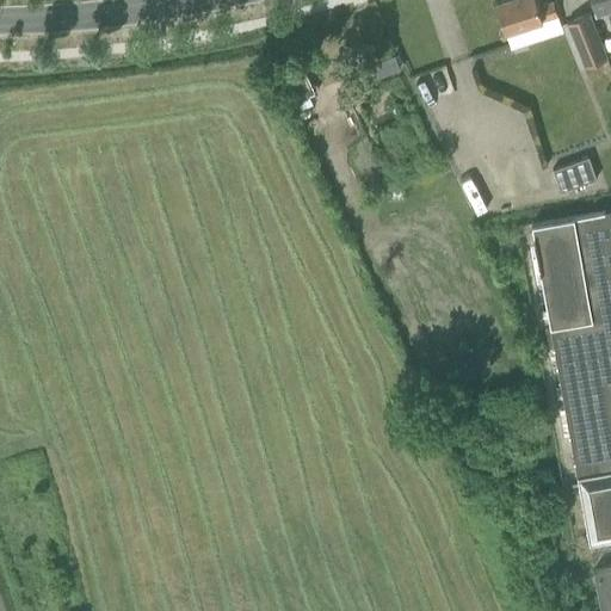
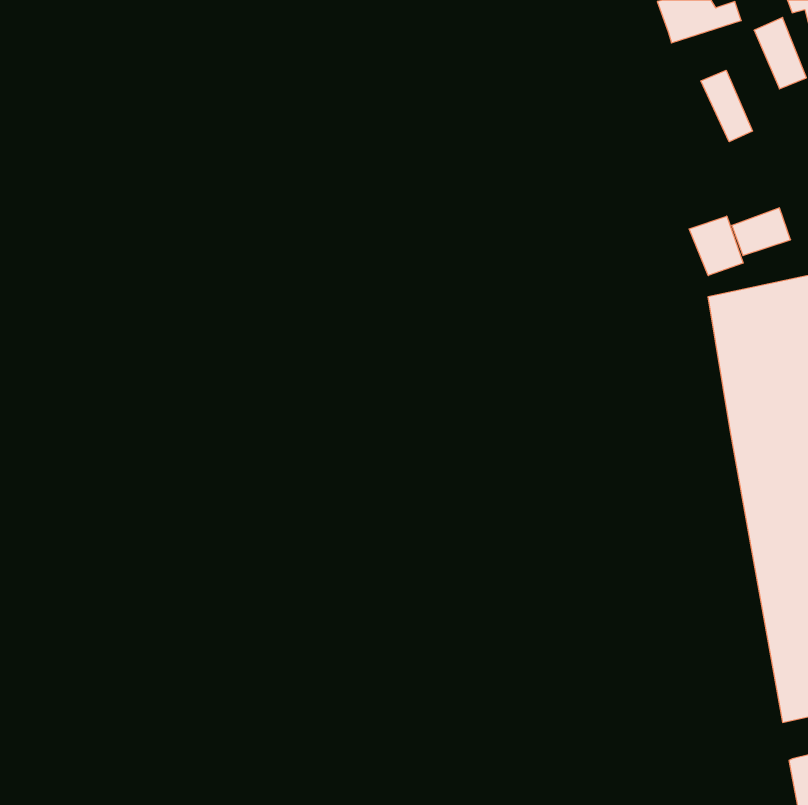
building: none -> [701,70,752,142]
building: none -> [689,216,743,276]

